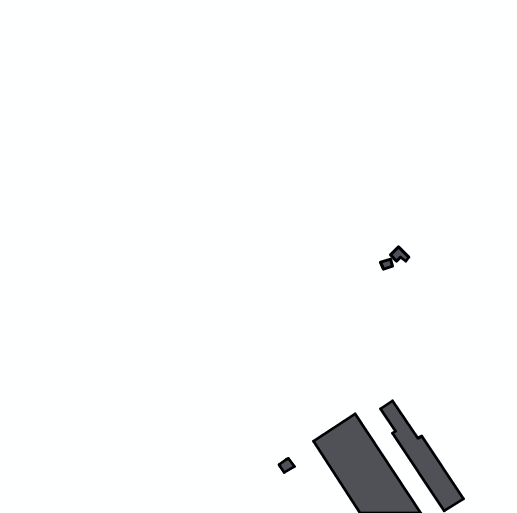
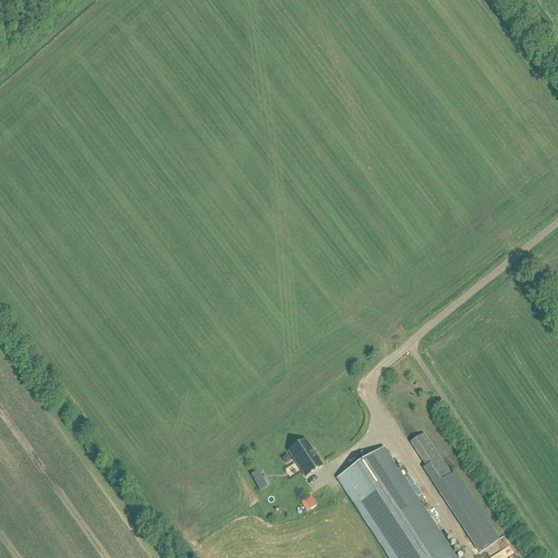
building: none -> [289,438,322,474]

